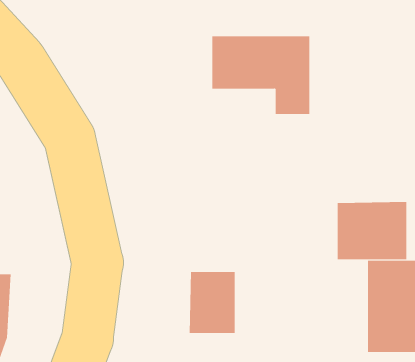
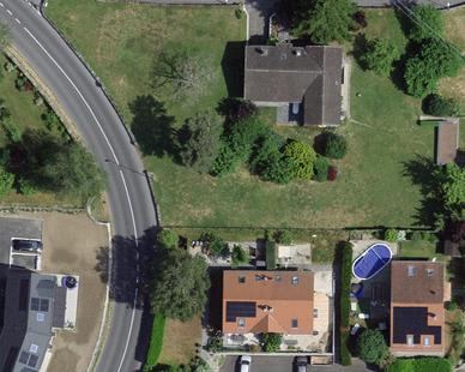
building: [337,201,407,260] -> none
building: none -> [268,272,312,332]

